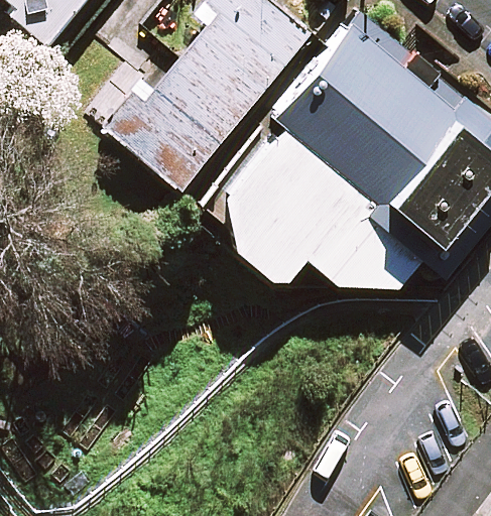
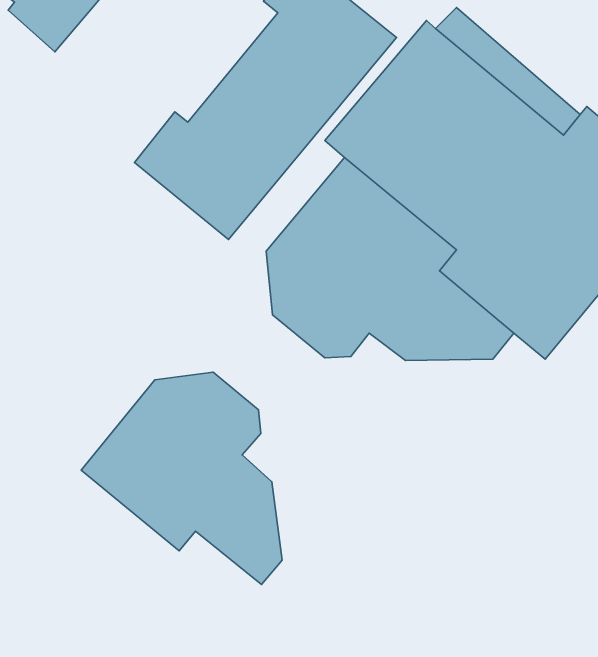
building: none -> [81,372,282,585]

